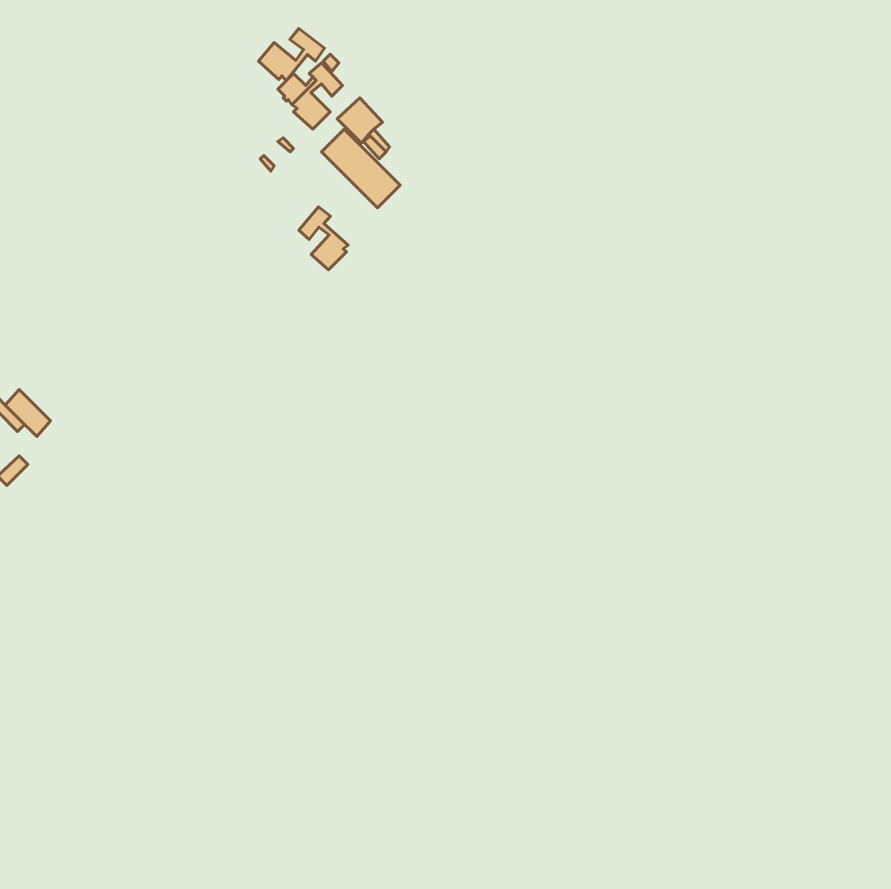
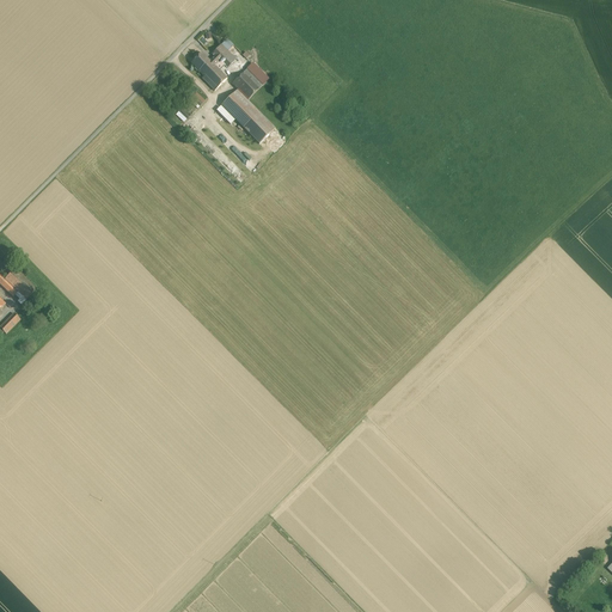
building: [259,28,325,81] -> none
building: [299,207,348,270] -> none

